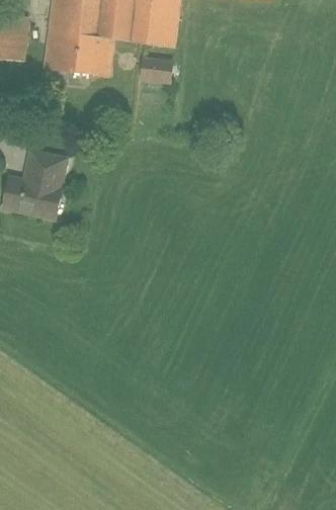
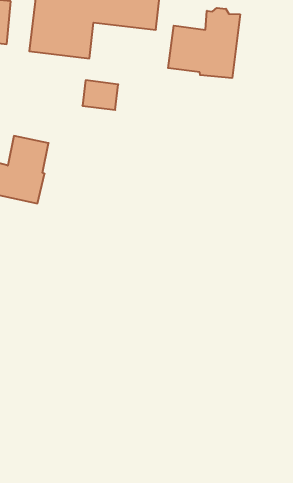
building: none -> [168,8,240,78]
building: [138,55,173,84] -> [82,80,118,110]

